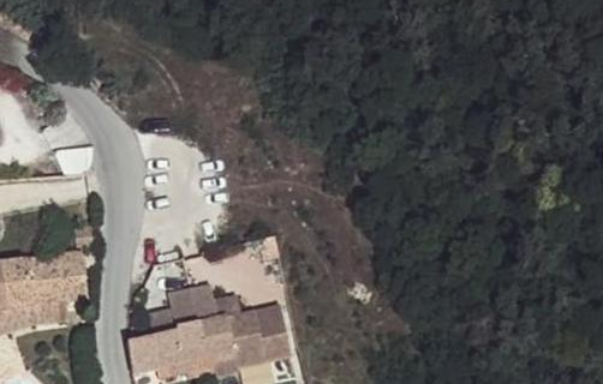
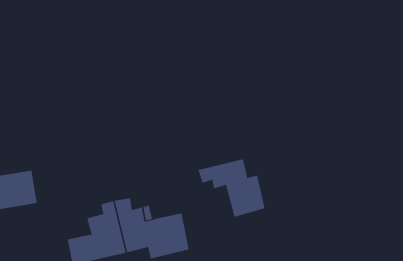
building: none -> [198,159,265,218]

